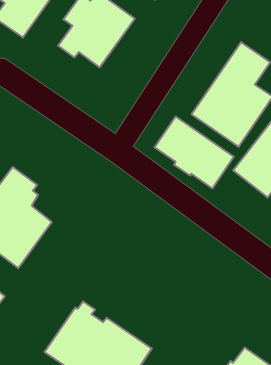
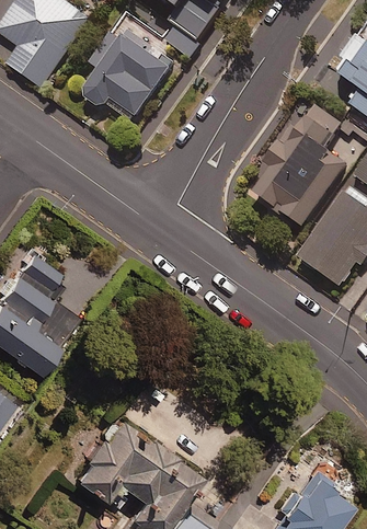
building: [154,117,234,188] -> none

